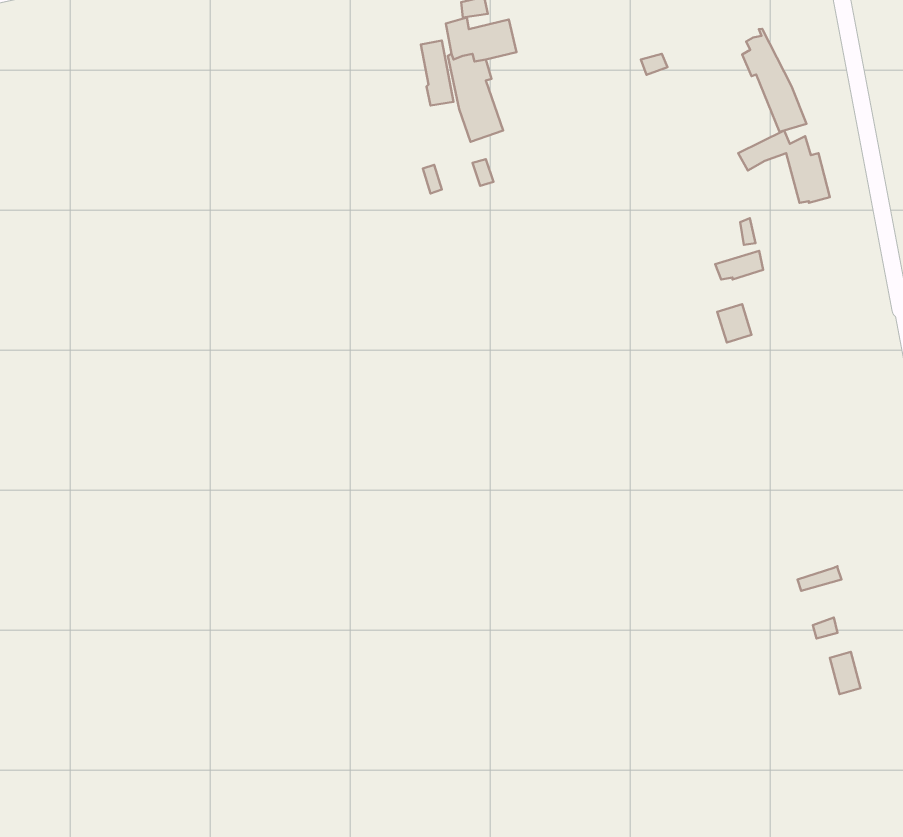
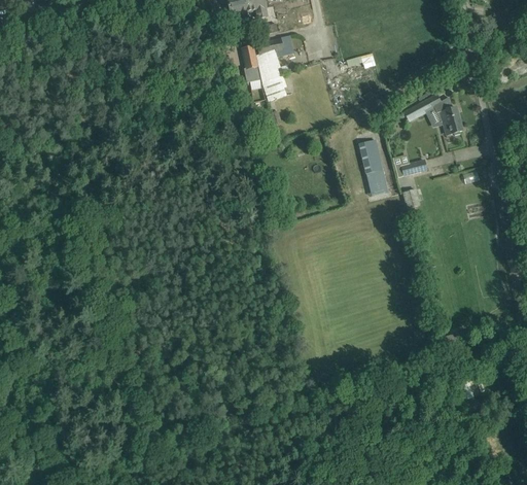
building: [742,29,806,132] -> none
building: none -> [357,139,384,185]

